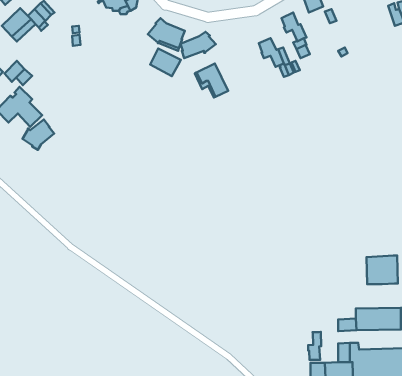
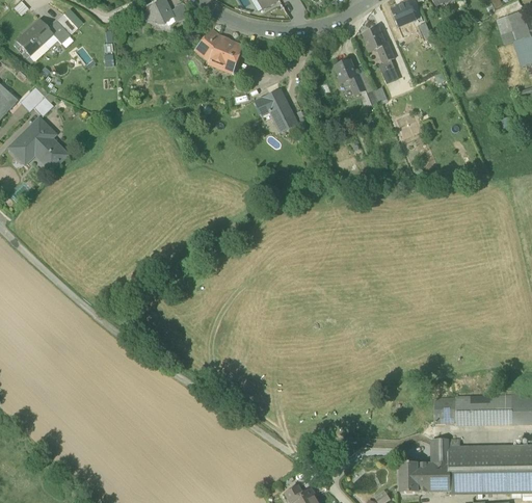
building: [180,32,216,58] -> none
building: [150,49,181,76] -> none
building: [22,119,54,150] -> none
building: [367,255,398,284] -> none
building: [308,332,321,360] -> none

